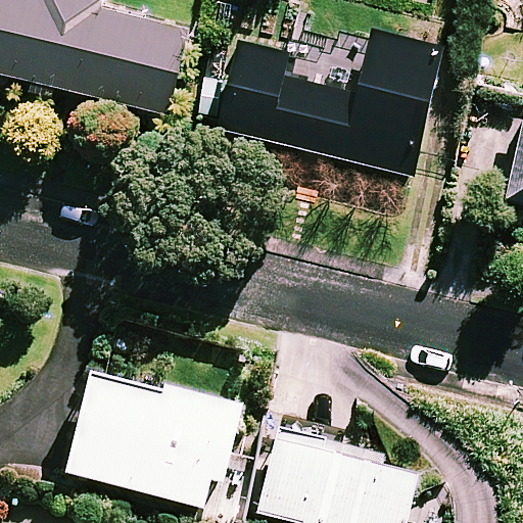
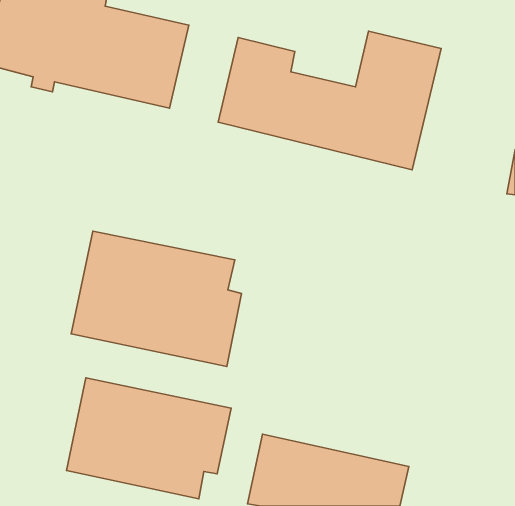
building: none -> [71,231,242,366]

